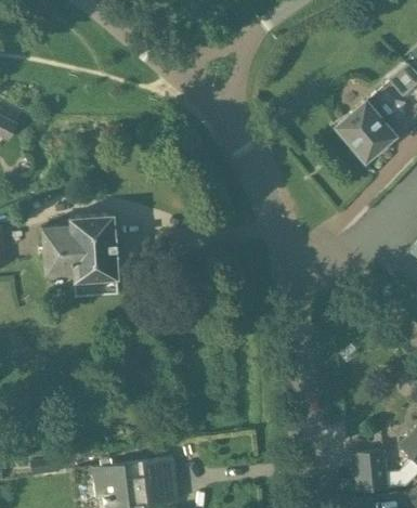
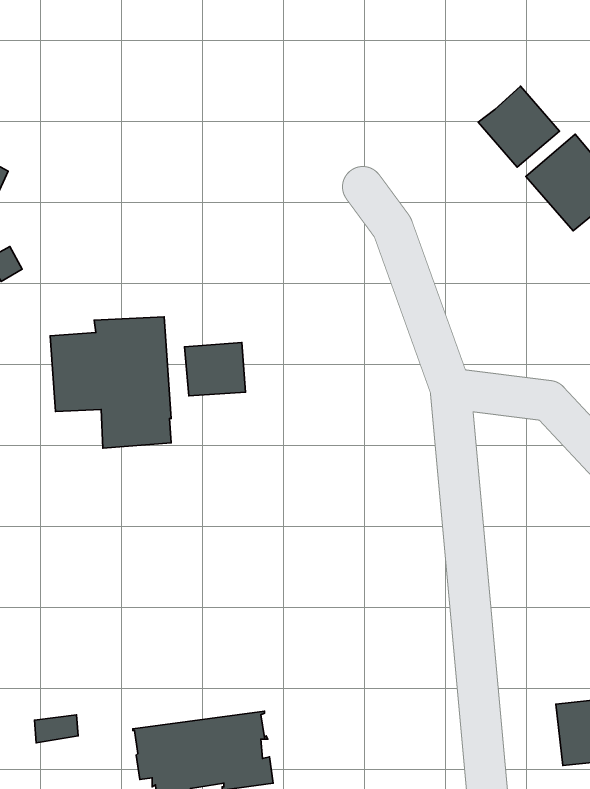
building: none -> [478,86,560,167]
building: none -> [184,343,245,396]

